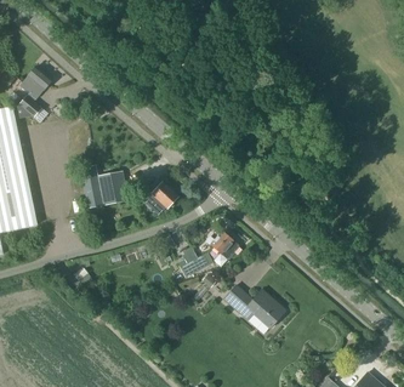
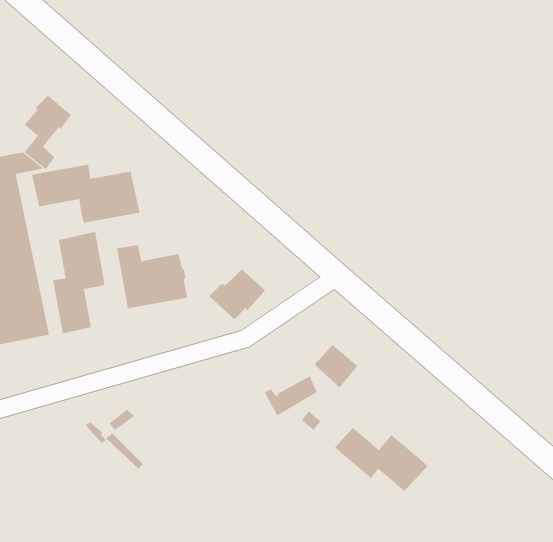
building: none -> [32,164,140,224]
building: none -> [52,231,105,334]

